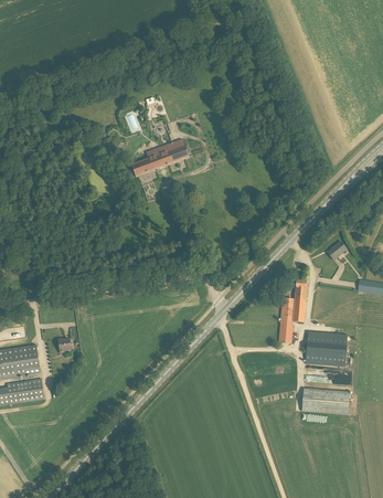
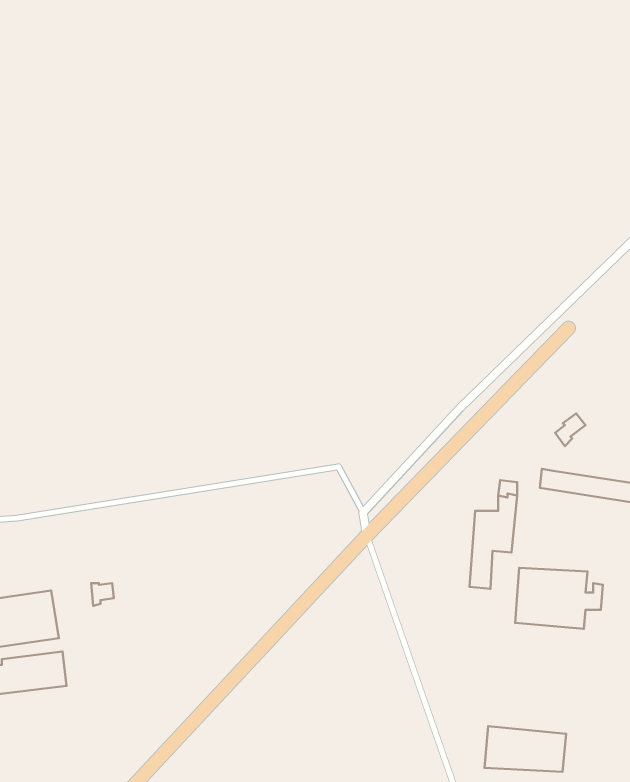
building: [130,138,189,176] -> none
building: [301,386,349,413] -> [484,726,566,772]

